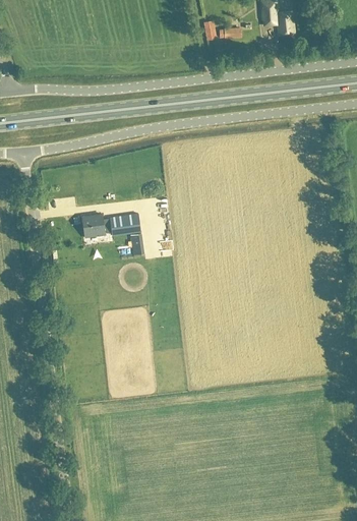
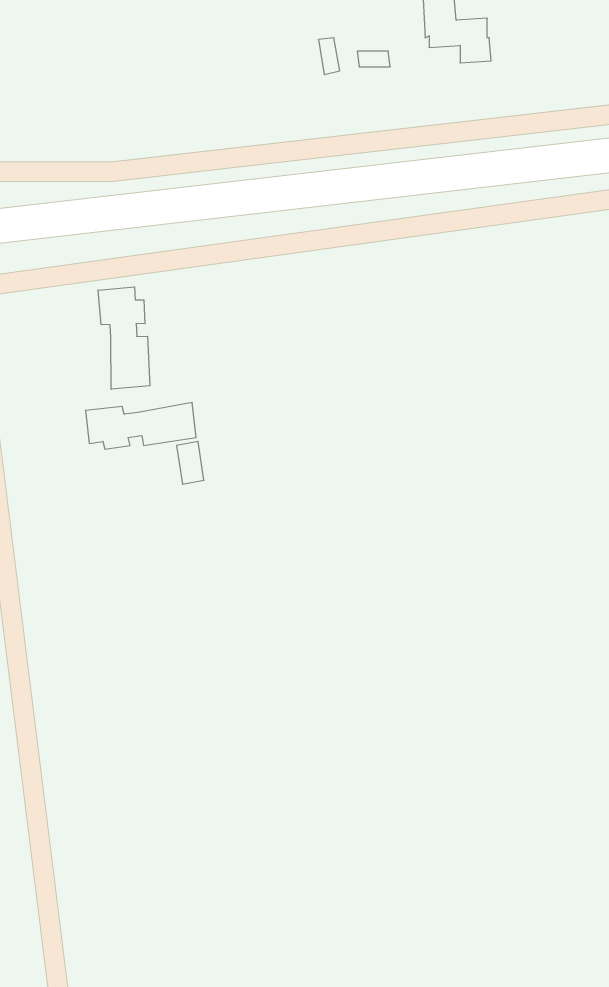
building: none -> [98,287,150,389]

